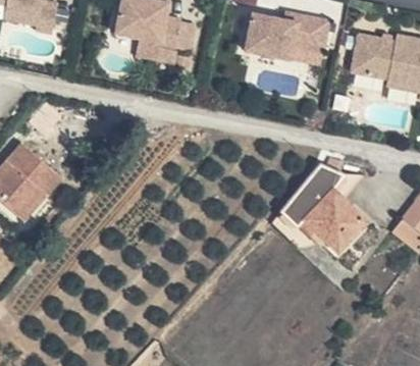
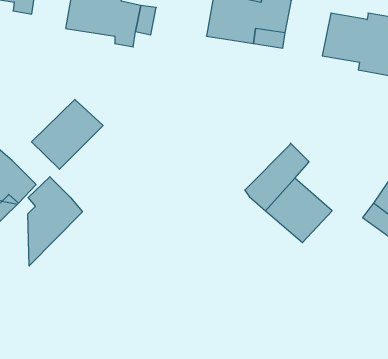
building: none -> [31,99,103,169]
building: none -> [28,177,82,266]

